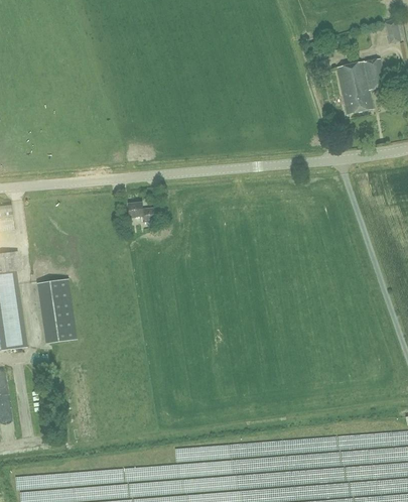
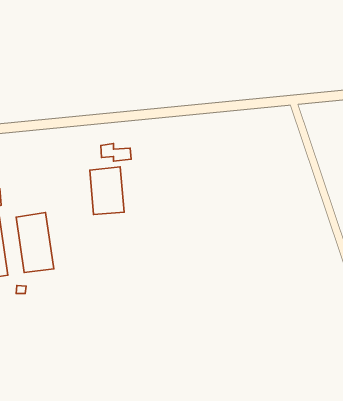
building: [336,57,385,113] -> none
building: none -> [90,167,124,215]

